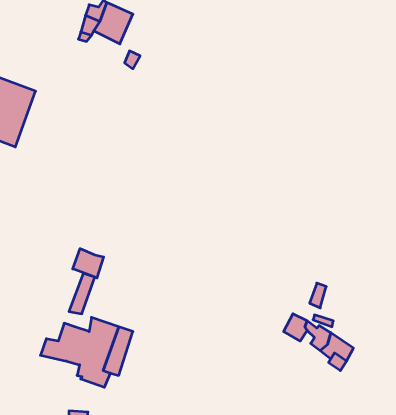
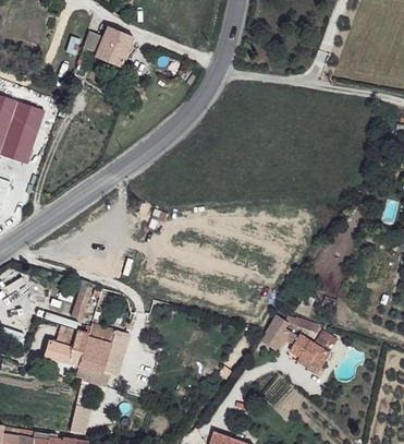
building: [73,249,104,278] -> none

